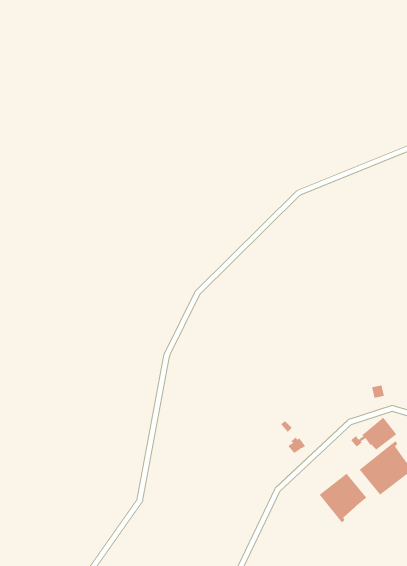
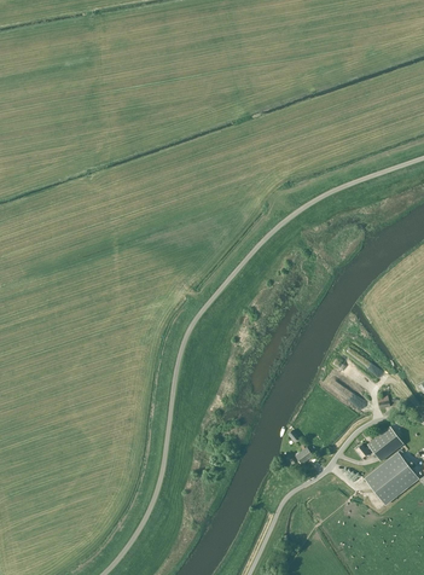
building: [319,473,367,523] -> none

